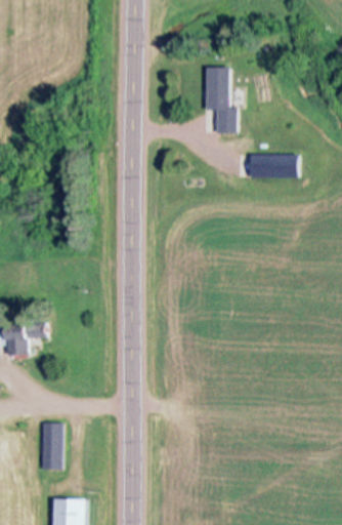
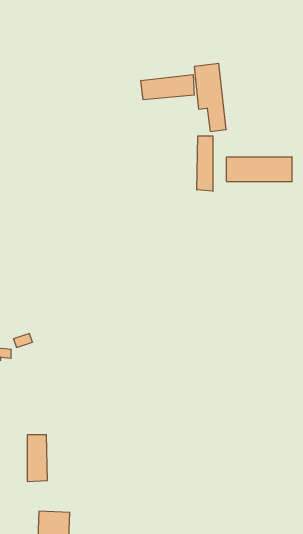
building: none -> [141,75,194,100]
building: none -> [197,136,213,191]

